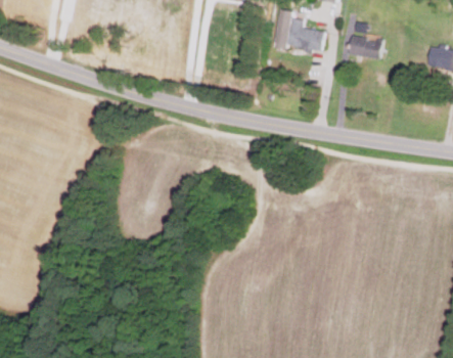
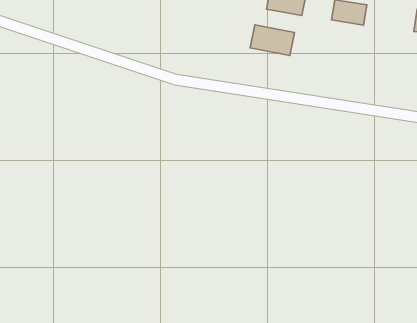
building: none -> [250,25,294,55]

